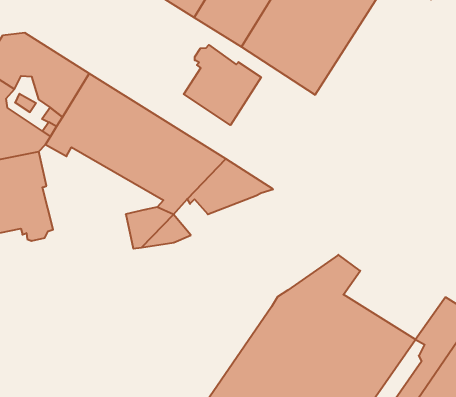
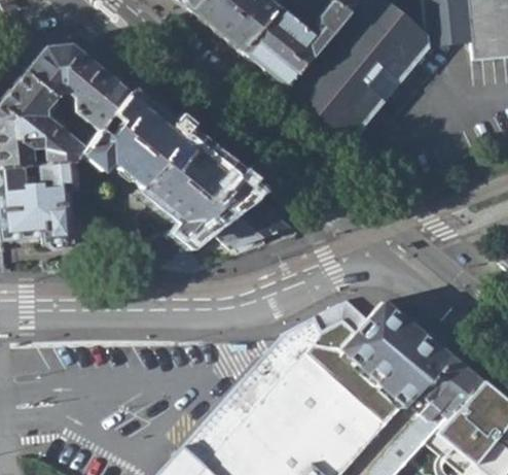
building: [184,45,261,125] -> none
building: none -> [355,303,456,395]

